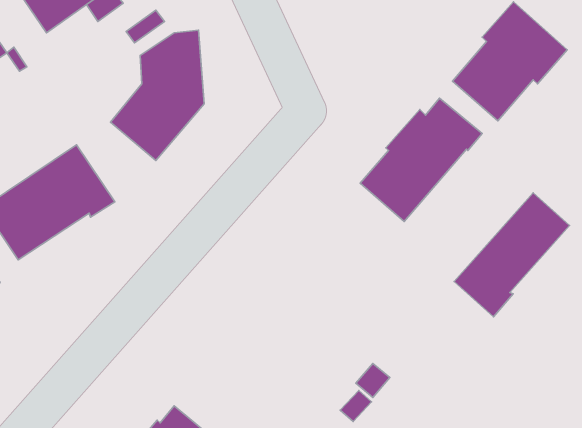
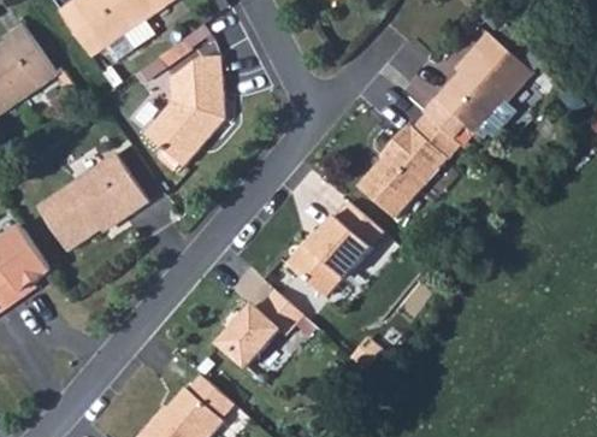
building: [454,193,569,317] -> none
building: none -> [285,201,382,297]
building: none -> [218,290,302,368]

